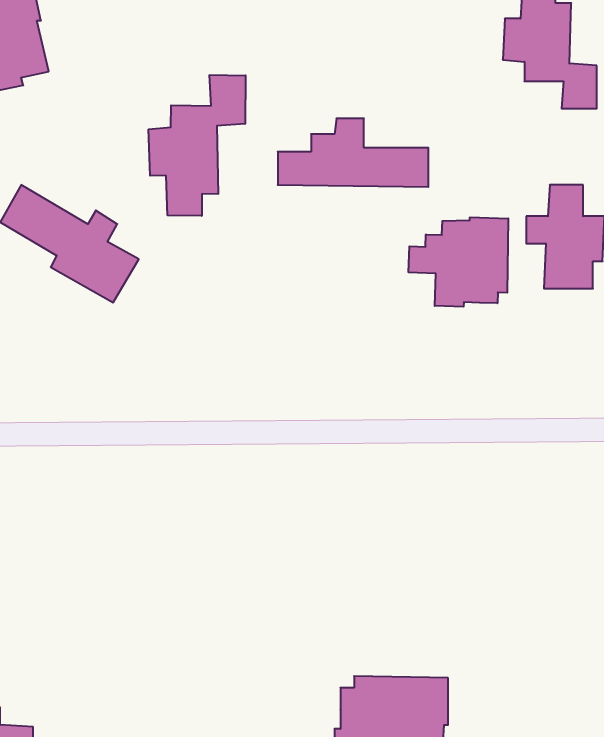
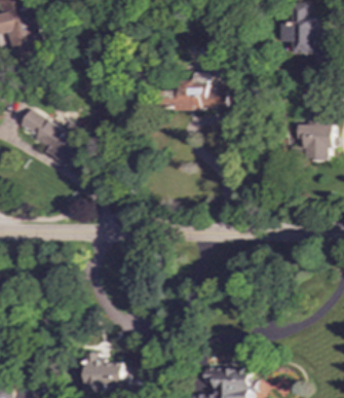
building: [149,75,246,216] -> none
building: [409,217,508,307] -> none
building: none -> [80,352,127,390]

